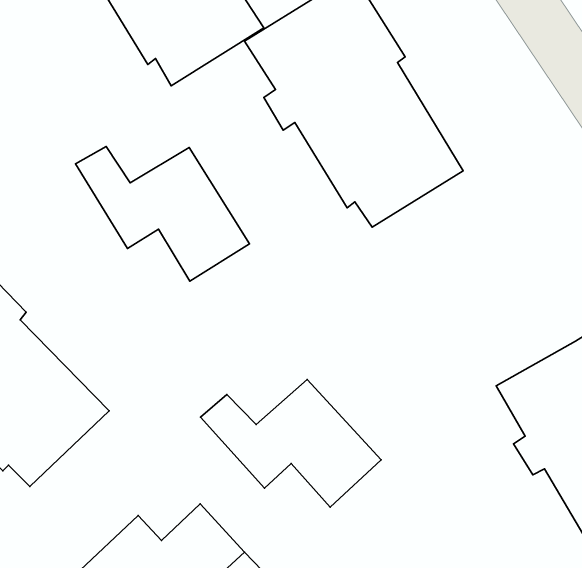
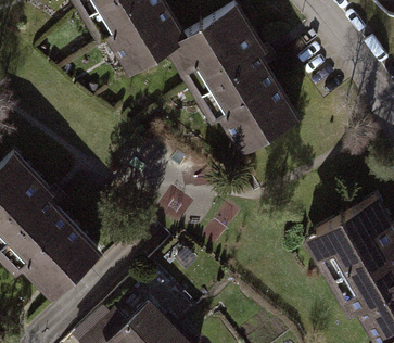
building: [75,147,249,281] -> none
building: [200,379,381,507] -> none

